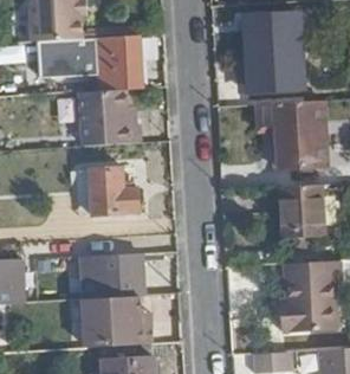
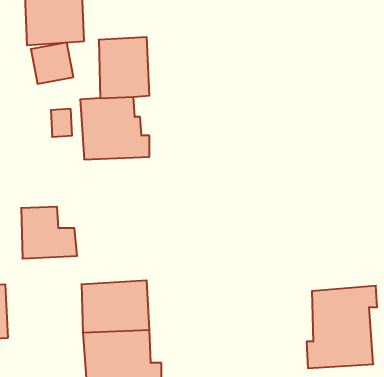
building: [249,15,302,89] -> none
building: [258,98,326,166] -> none
building: [88,168,137,214] -> [21,207,77,259]
building: [280,182,324,236] -> none

